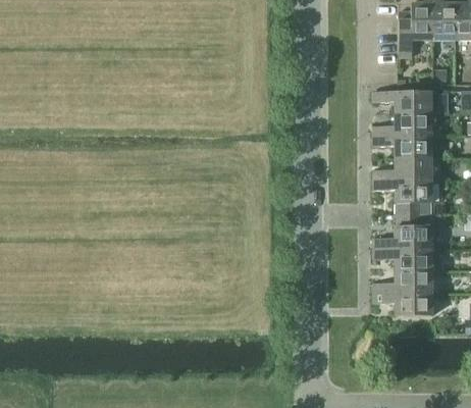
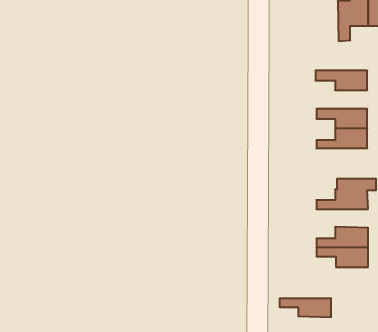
building: [373,113,432,135] -> none
building: [374,180,432,214] -> none
building: [374,249,433,270] -> [280,298,331,317]

